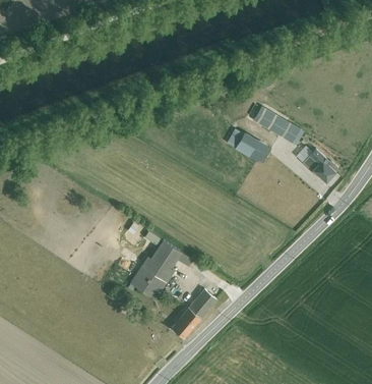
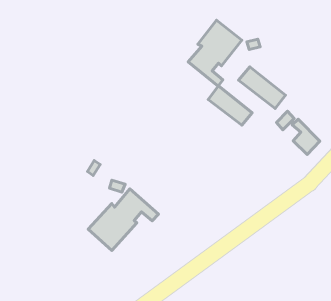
building: none -> [188,20,242,86]
building: [170,288,216,340] -> none

